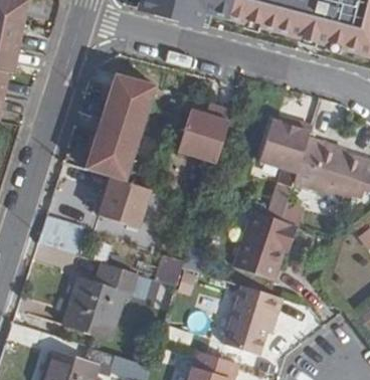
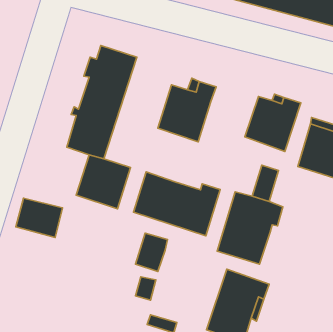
building: none -> [133,172,220,236]
building: [65,264,130,337] -> none

